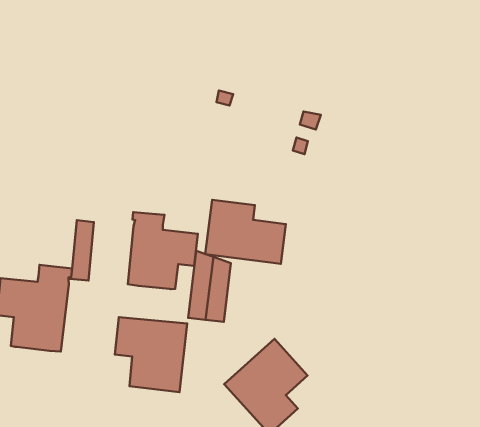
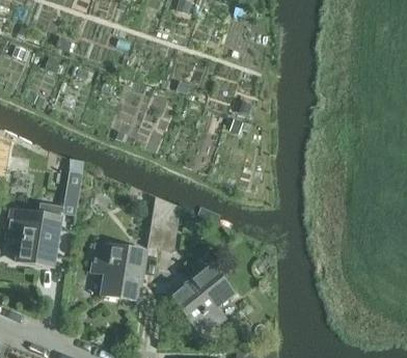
building: [205,200,286,264] -> none
building: [128,212,198,289] -> none

